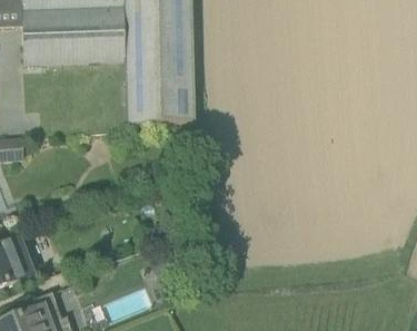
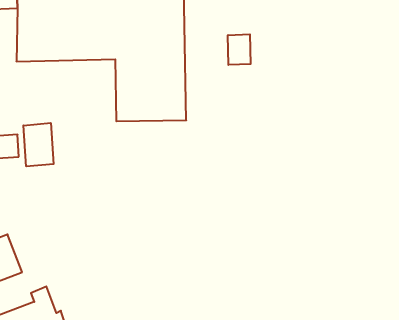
building: none -> [228,34,251,65]
building: none -> [23,123,54,166]

